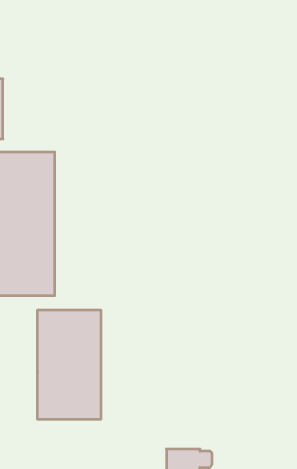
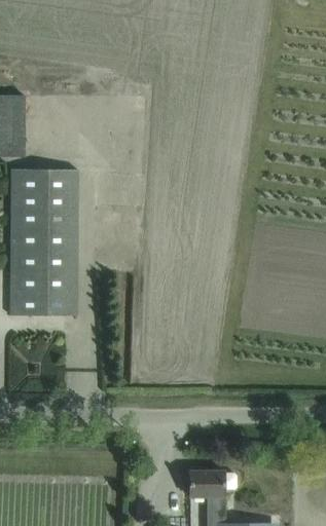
building: [38,310,101,419] -> none

